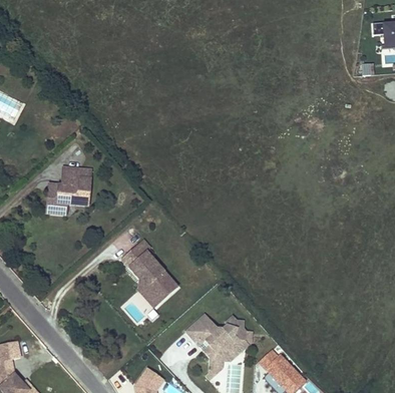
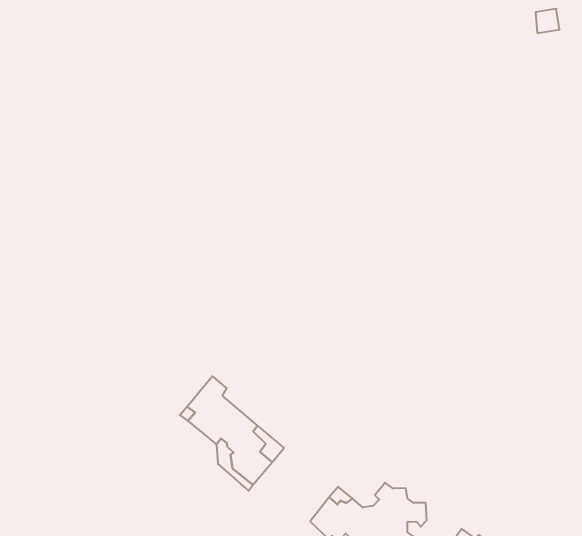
building: [47,167,90,211] -> none

